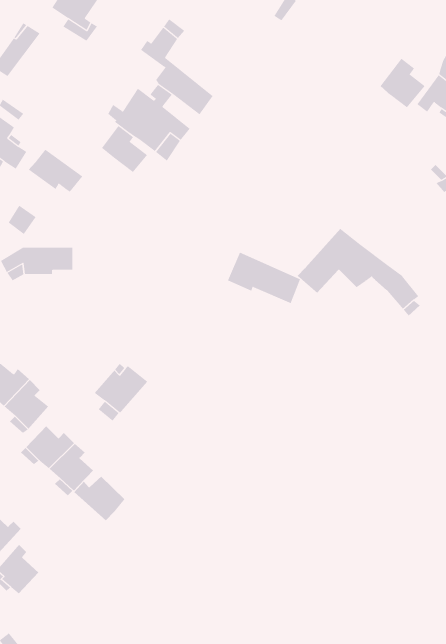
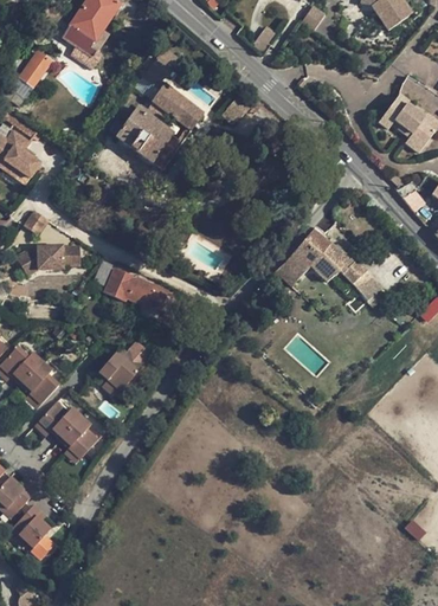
building: [380,58,425,108] -> none
building: [101,125,148,173] -> none
building: [28,148,83,193] -> none
building: [227,252,301,304] -> [104,266,168,311]
building: [73,476,125,521] -> none

